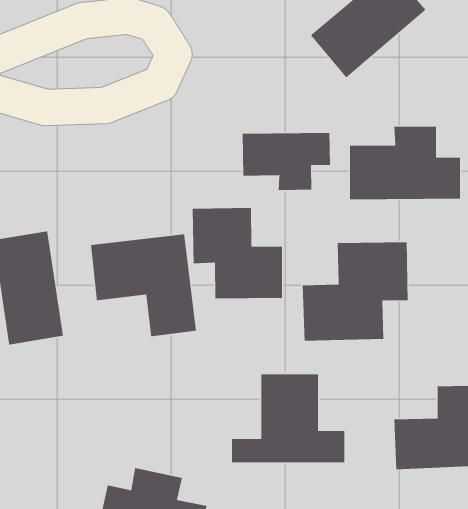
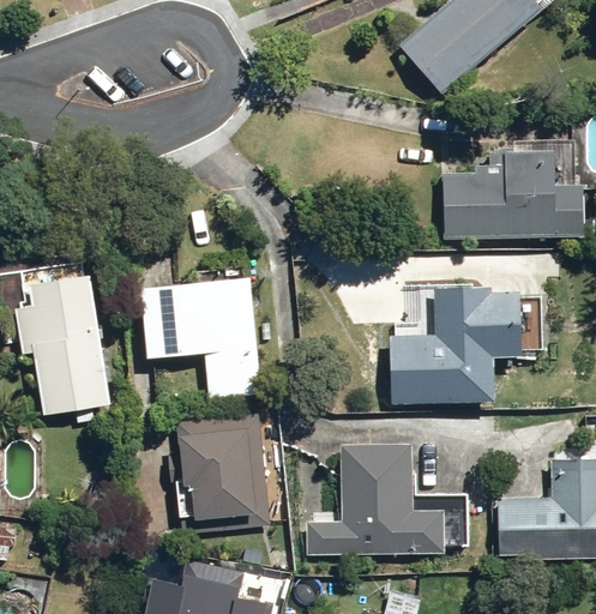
building: [242,132,331,191] -> none
building: [192,207,283,299] -> none
building: none -> [171,414,271,536]

